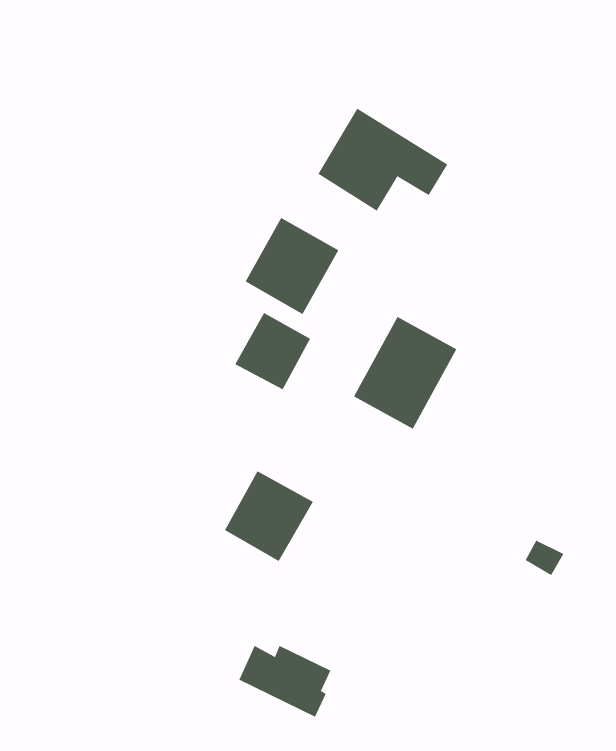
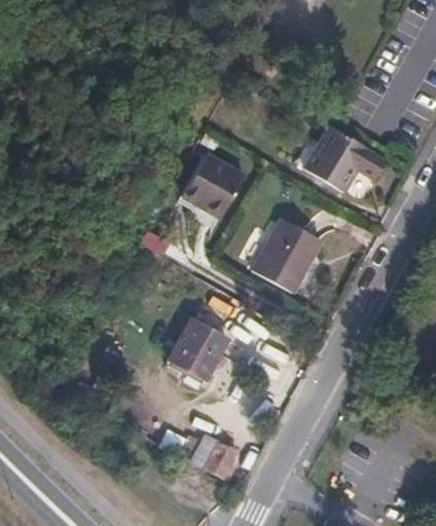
building: [317,108,448,212] -> [303,124,389,192]
building: [234,312,311,390] -> none

